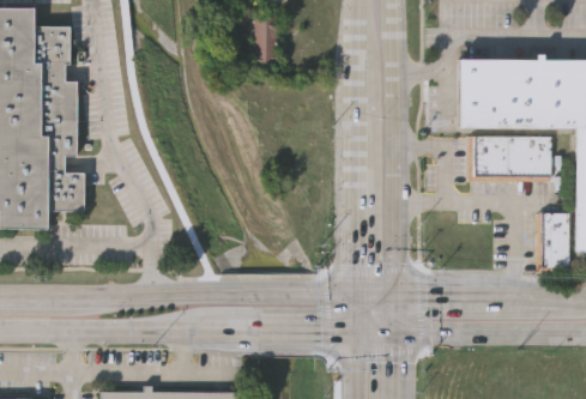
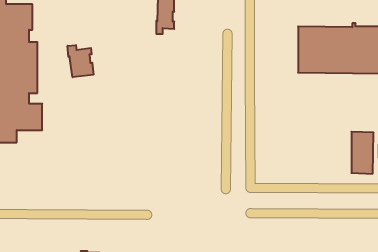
building: none -> [68,45,93,77]
building: [467,135,550,181] -> none

